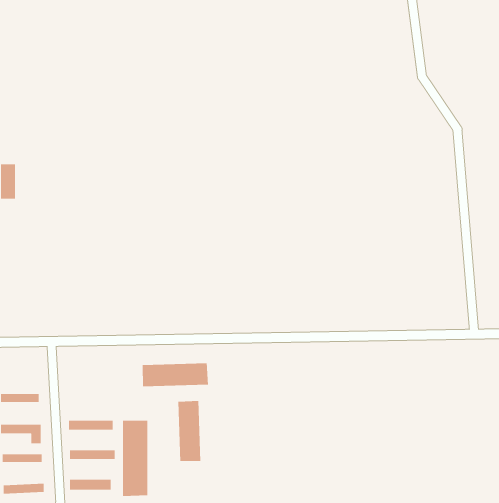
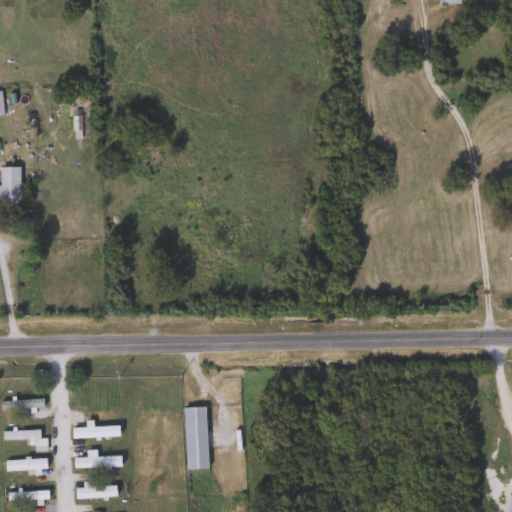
building: [142,363,209,387] -> none
building: [123,420,148,497] -> none

